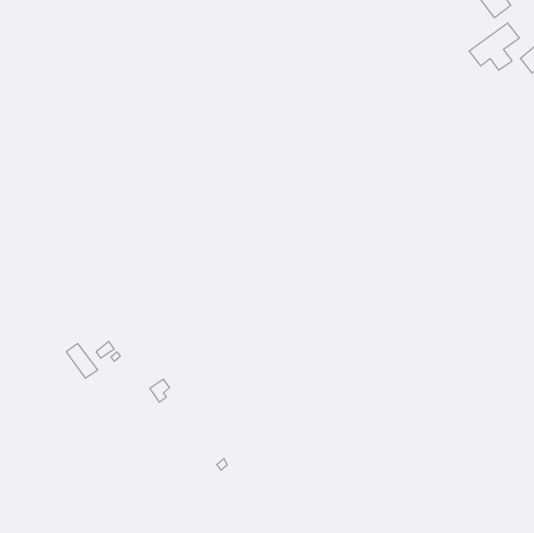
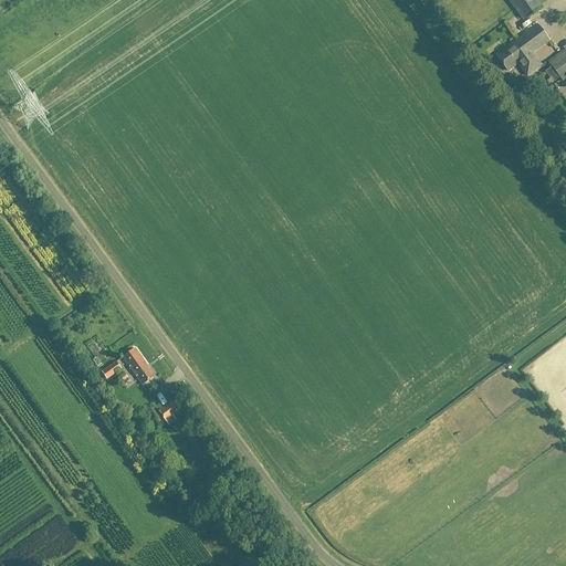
building: [66,344,98,378] -> [123,347,156,384]

